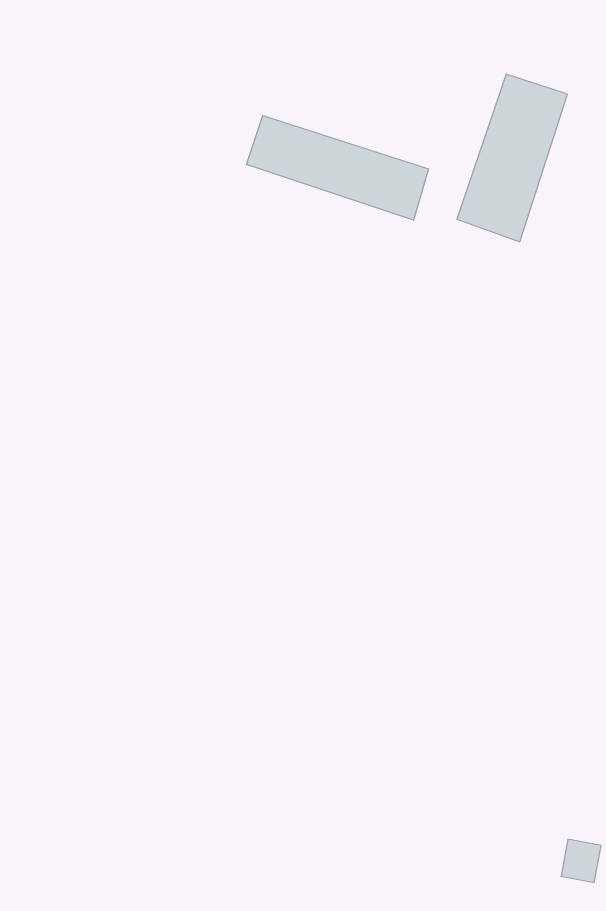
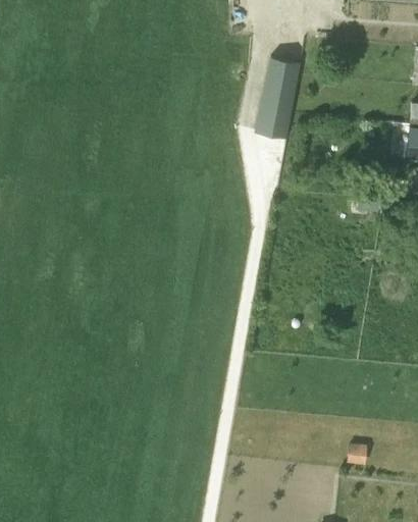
building: [247,116,429,220] -> none

